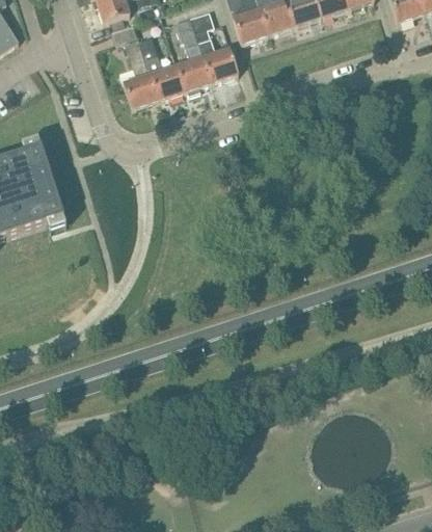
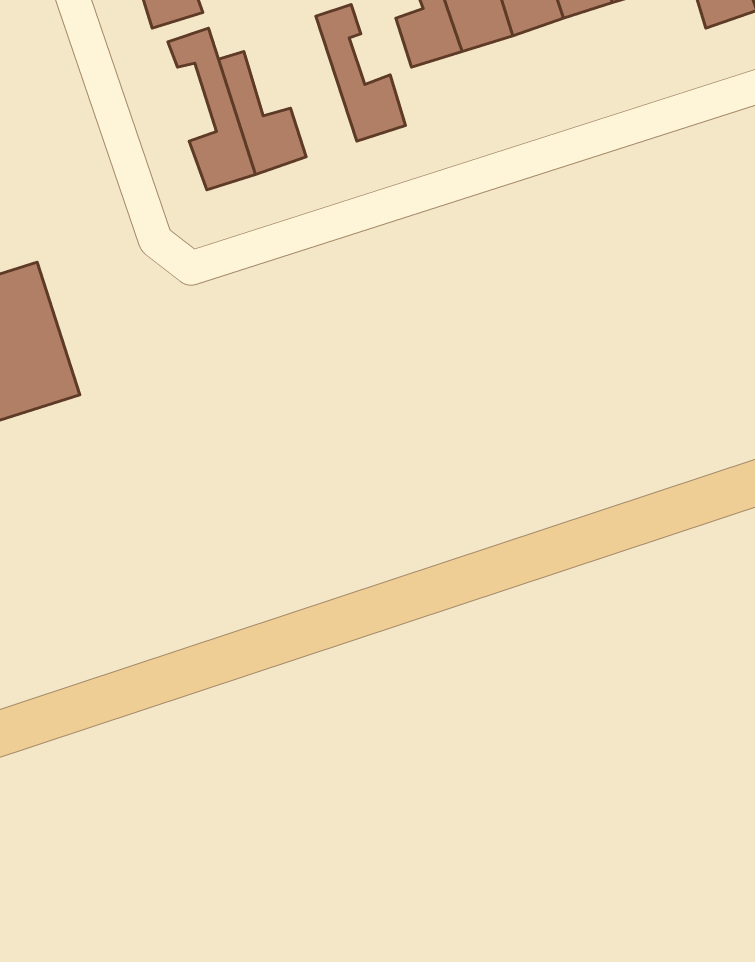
building: [173,16,212,90] -> none

